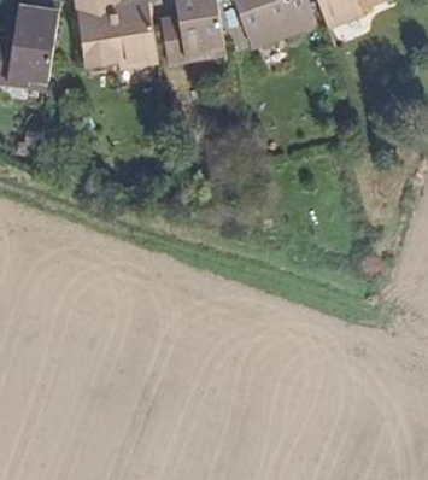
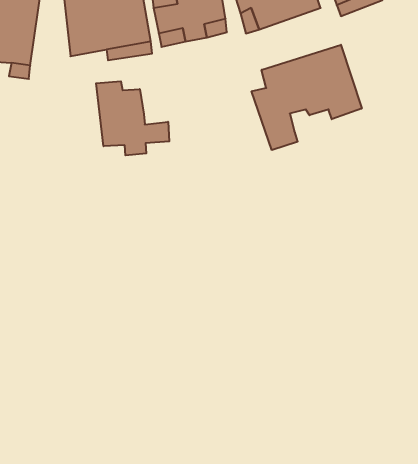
building: none -> [252,45,362,150]
building: none -> [96,81,169,155]

